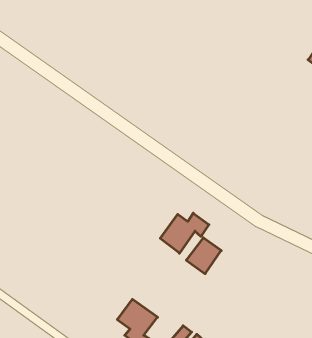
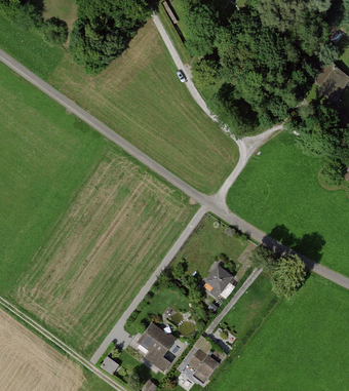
building: [160,213,209,253] -> none

